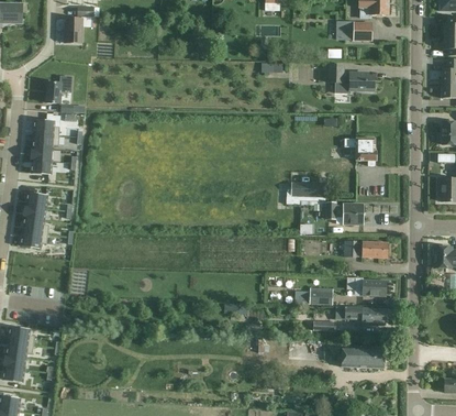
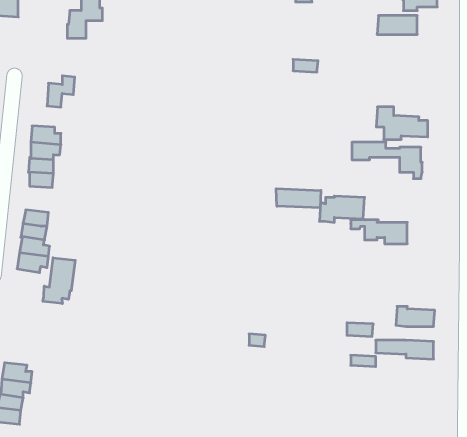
building: [327,64,372,92] -> [376,107,428,139]
building: none -> [276,189,321,208]
building: none -> [43,258,75,304]
building: [342,240,387,258] -> none
building: [341,346,383,368] -> none

